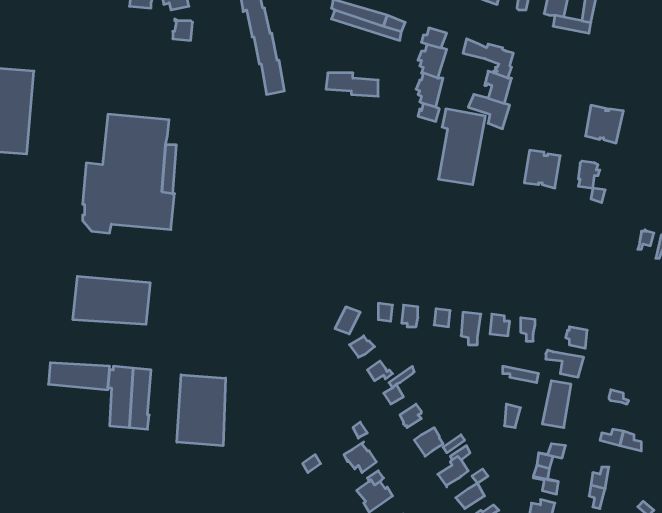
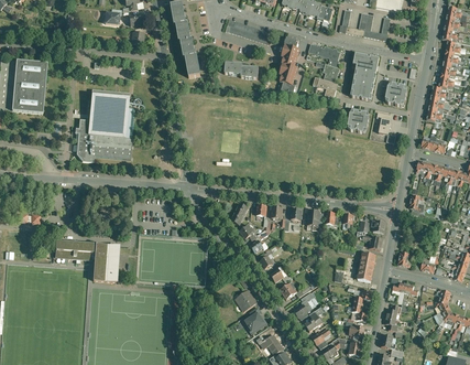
building: [438,109,485,185] -> [350,54,379,100]
building: [73,276,150,324] -> none
building: [177,375,226,446] -> none

